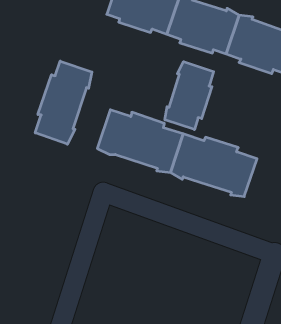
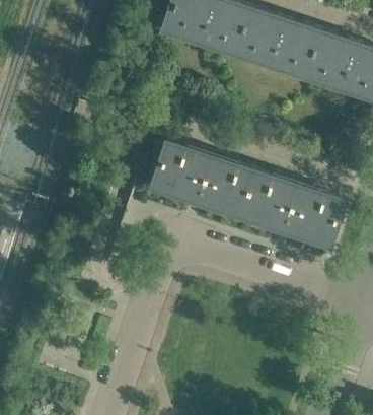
building: [35,61,92,144] -> none
building: [165,62,214,130] -> none

